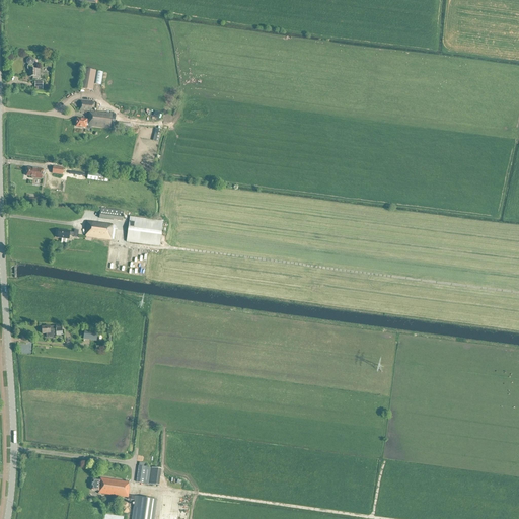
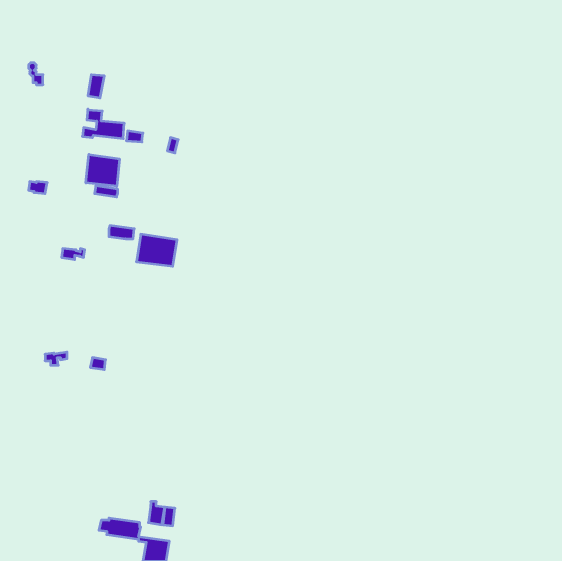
building: none -> [86,154,119,186]
building: [85,220,113,239] -> none

